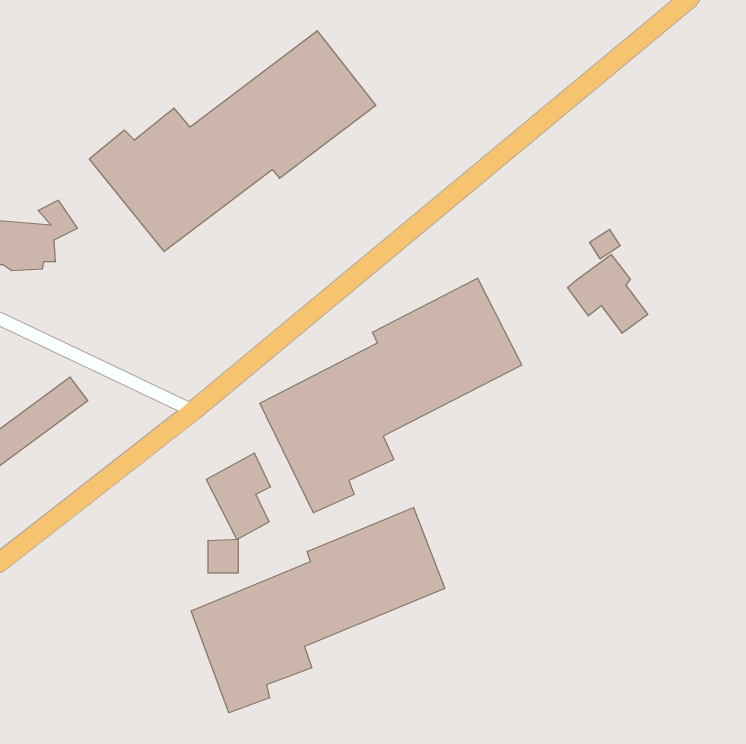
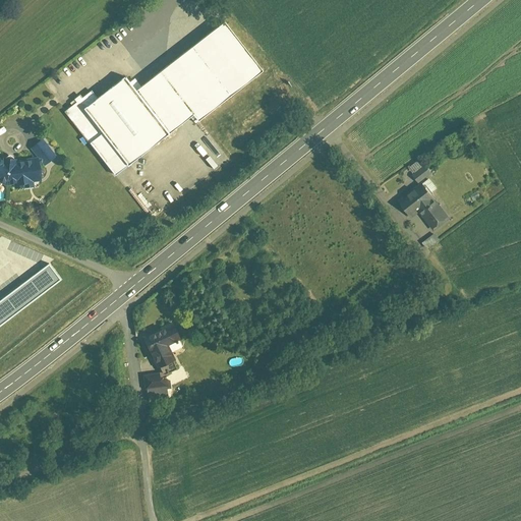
building: [260,278,522,513] -> none
building: [191,507,445,713] -> none

